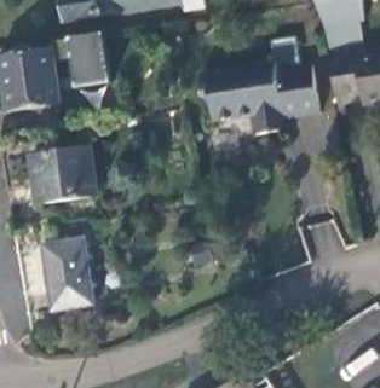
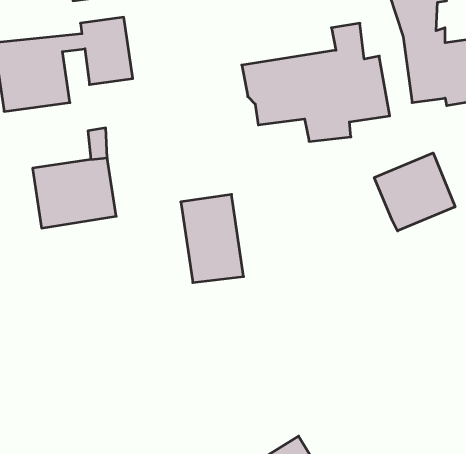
building: none -> [374,153,455,231]
building: [41,239,92,311] -> [181,194,244,283]

